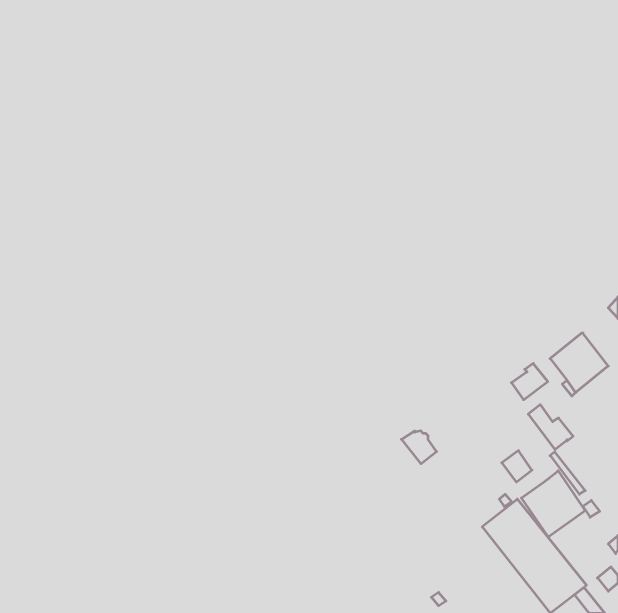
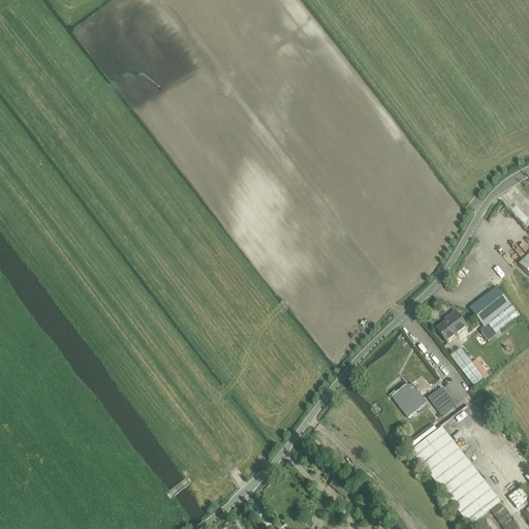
building: [401,431,437,464] -> [396,383,426,411]
building: [521,471,585,537] -> none

